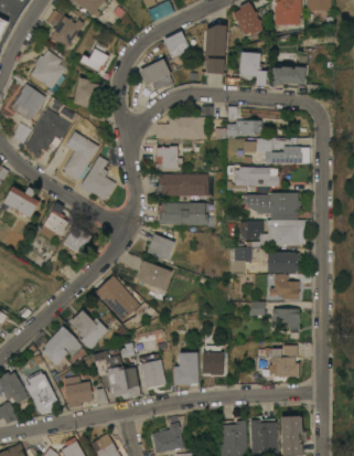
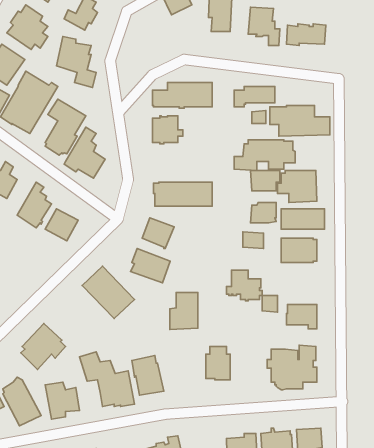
building: [138,59,173,91] -> none
building: [158,174,207,195] -> none
building: [269,274,300,300] -> [226,270,262,301]
building: [71,310,108,350] -> none
building: [173,352,197,384] -> [170,292,198,329]

